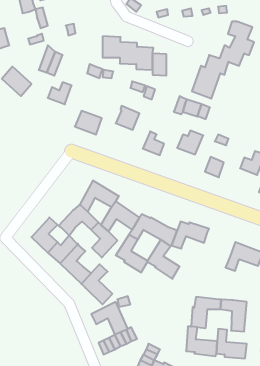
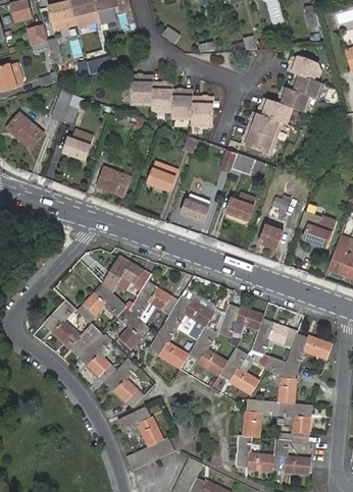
building: none -> [251,318,297,353]
building: none -> [219,346,259,395]
building: none -> [264,356,297,402]

